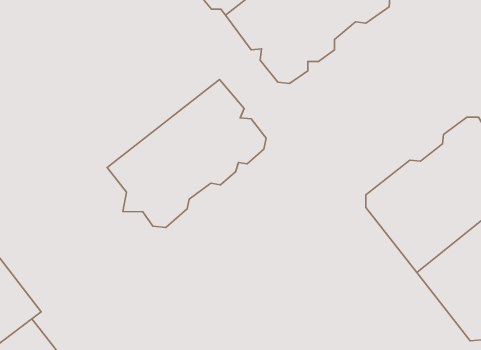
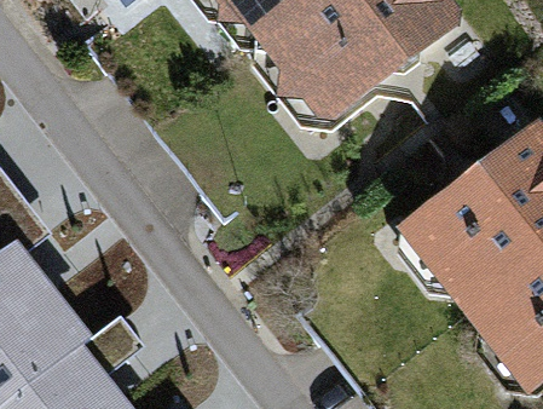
building: [107,79,266,227] -> none

